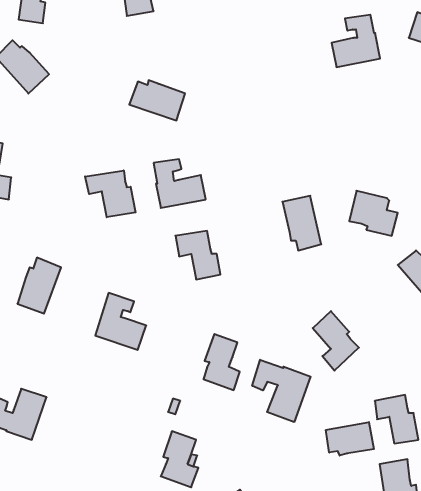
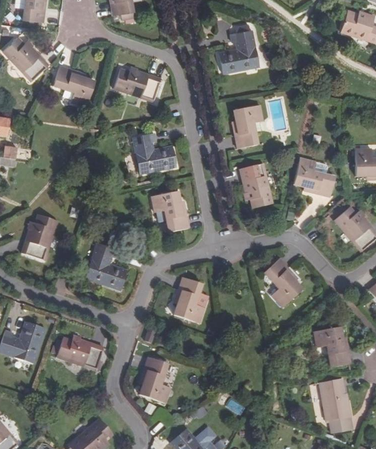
building: [332,15,380,67] -> [219,28,259,71]
building: none -> [52,65,93,105]
building: none -> [233,103,263,146]
building: [85,170,136,217] -> none
building: [252,360,311,422] -> none
building: none -> [57,336,103,369]
building: [326,422,374,456] -> none

